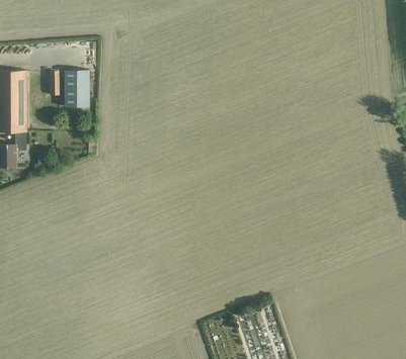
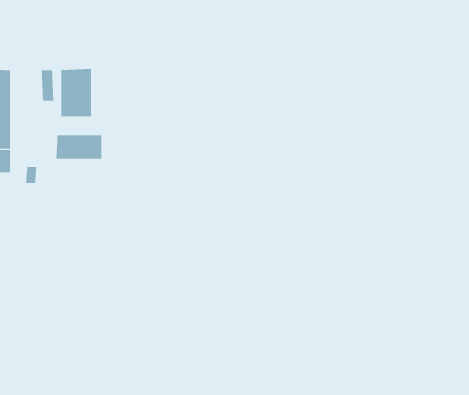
building: none -> [56,135,102,159]

